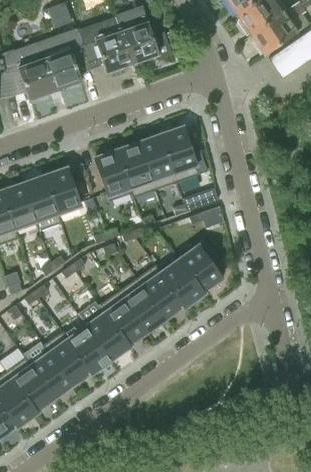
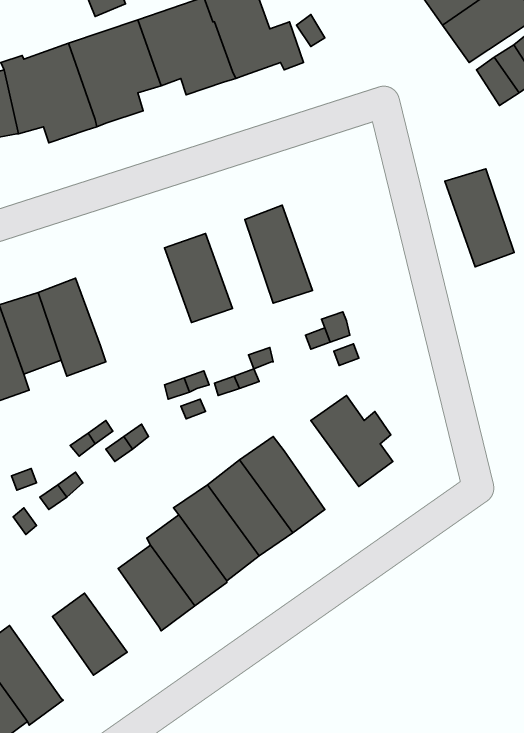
building: [160,128,199,183] -> [445,169,514,267]
building: [117,143,155,198] -> none
building: [44,168,80,214] -> none
building: [161,260,204,307] -> none
building: [44,332,91,386] -> none
building: [7,358,54,412] -> none

